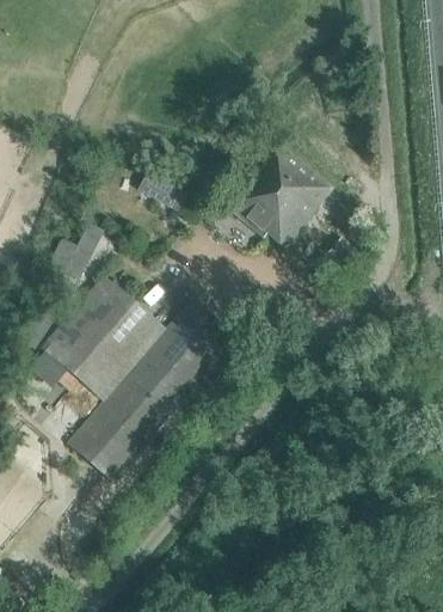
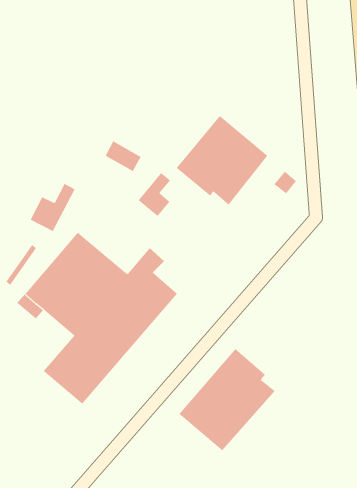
building: none -> [138,172,171,217]
building: none -> [179,348,276,451]

